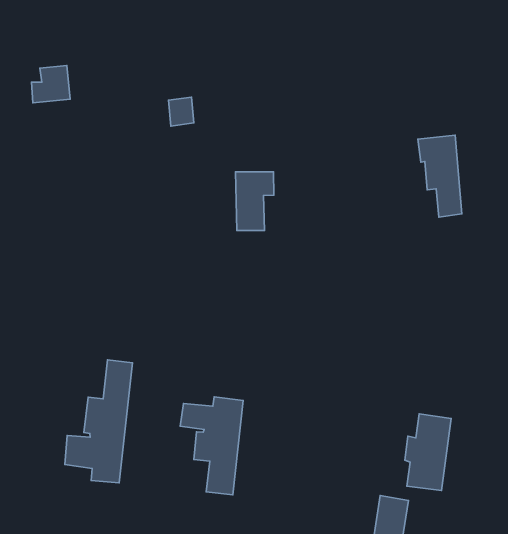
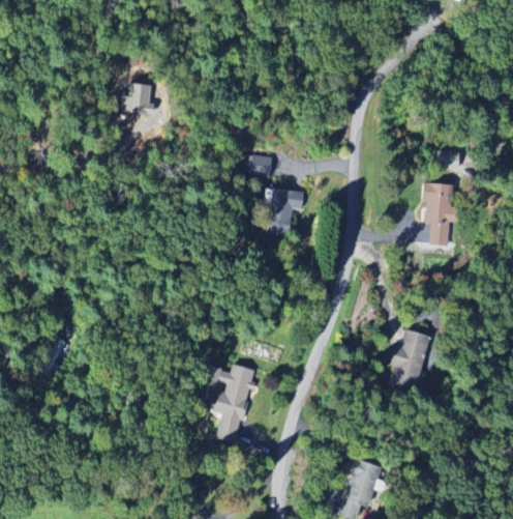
building: [168,97,194,126] -> [252,154,272,175]
building: [65,360,133,483] -> none
building: [405,414,451,490] -> [385,328,427,392]

